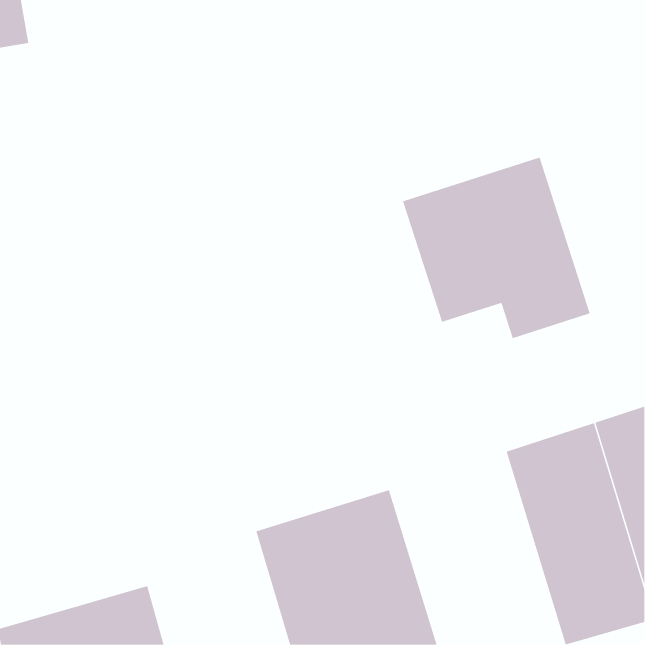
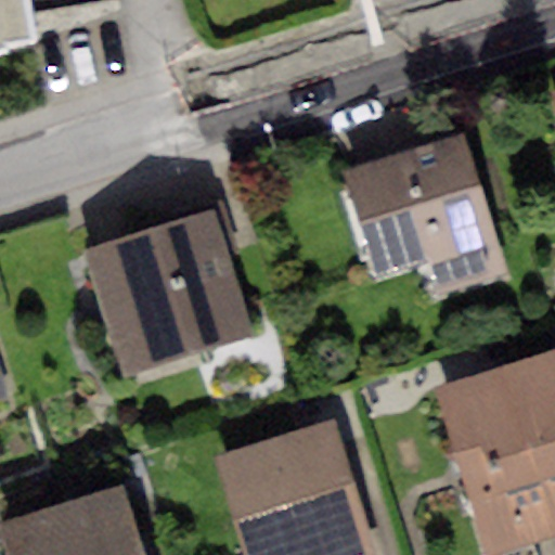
building: none -> [87,211,251,374]

